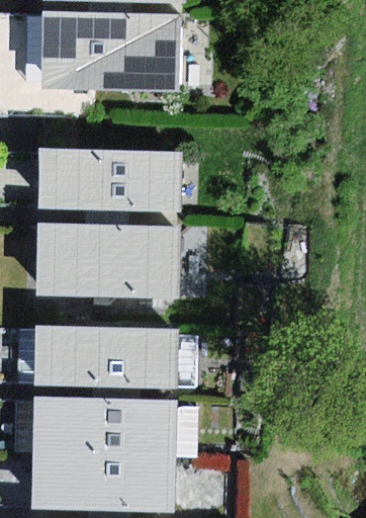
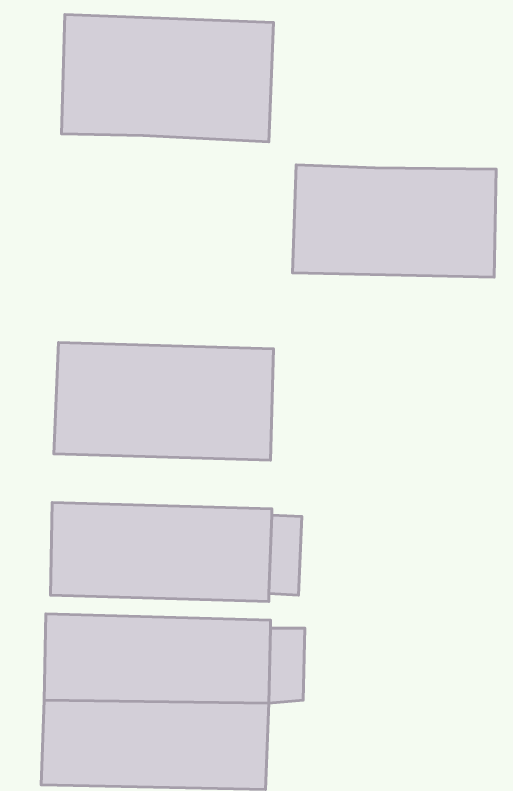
building: none -> [292,165,496,277]
building: [37,150,178,211] -> none

